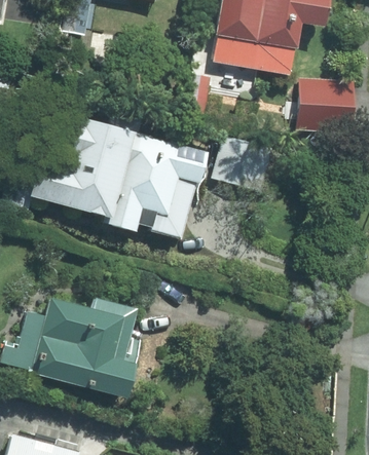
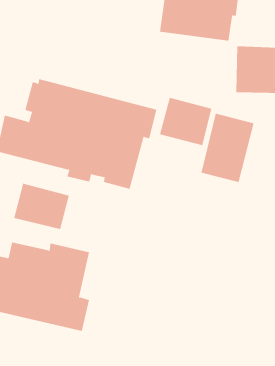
building: none -> [201,113,254,183]
building: none -> [14,183,70,230]

